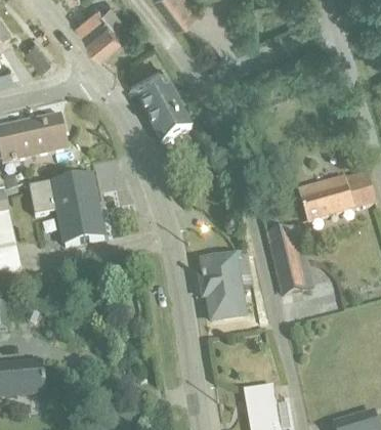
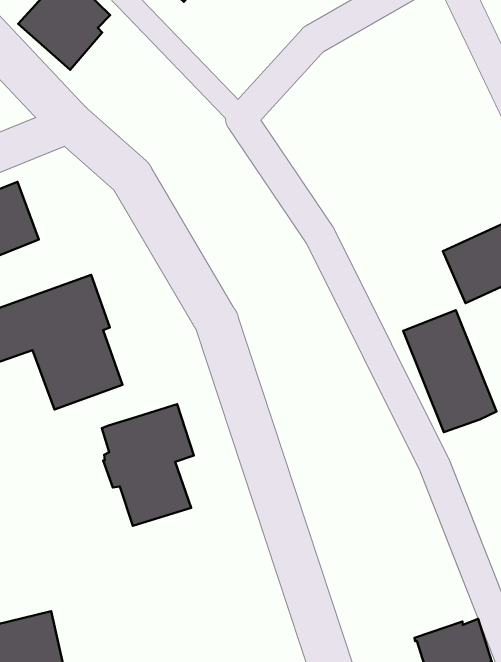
building: [129,66,192,142] -> none
building: [200,254,252,319] -> [102,404,194,526]
building: [244,383,276,407] -> none

